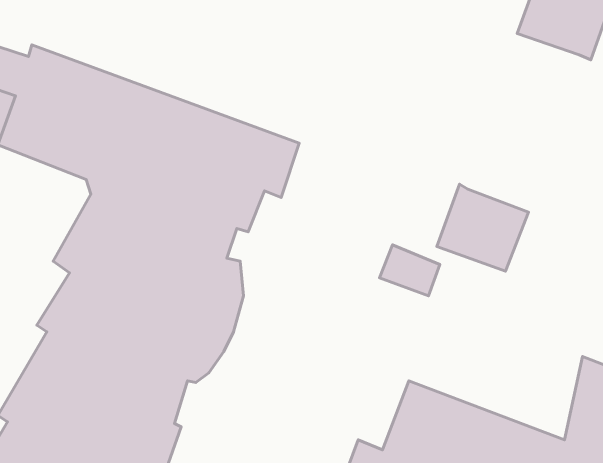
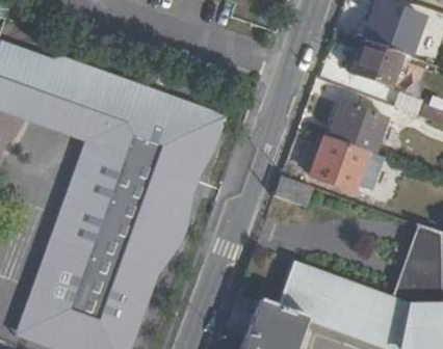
building: none -> [350,43,402,88]
building: none -> [332,105,389,157]

